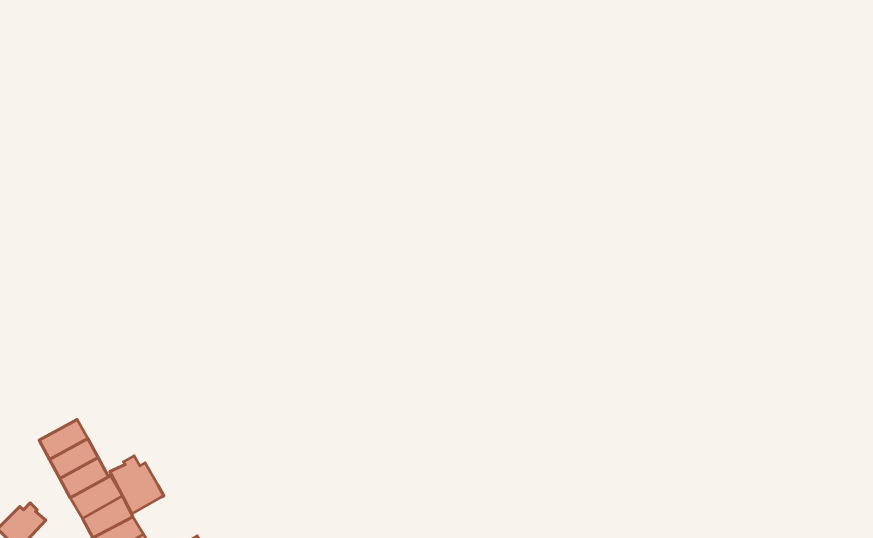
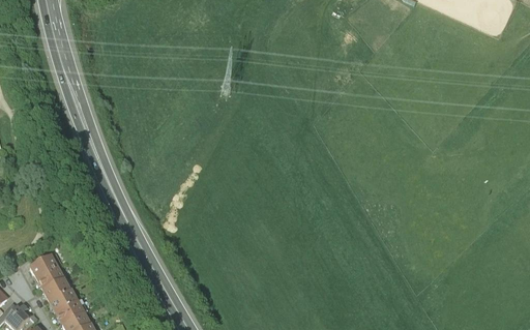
building: [110,456,164,514] -> none

